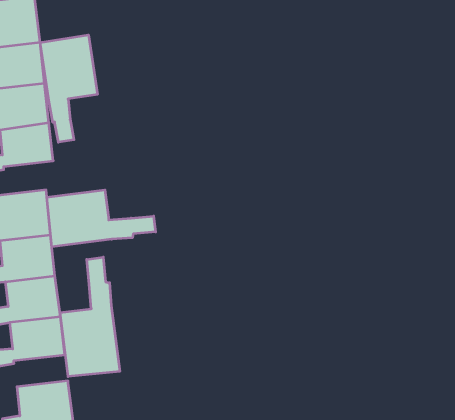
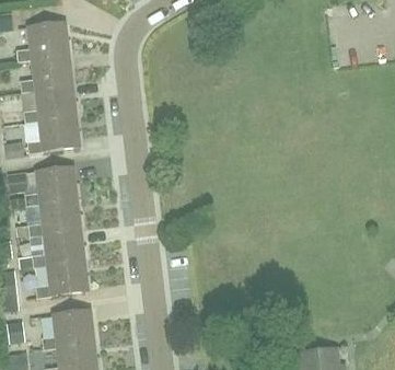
building: [40,35,97,142] -> none
building: [47,190,156,247] -> none
building: [60,257,120,377] -> none

